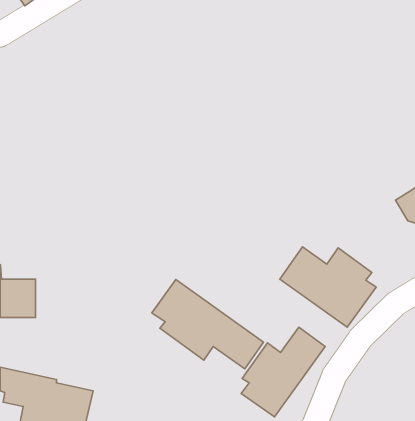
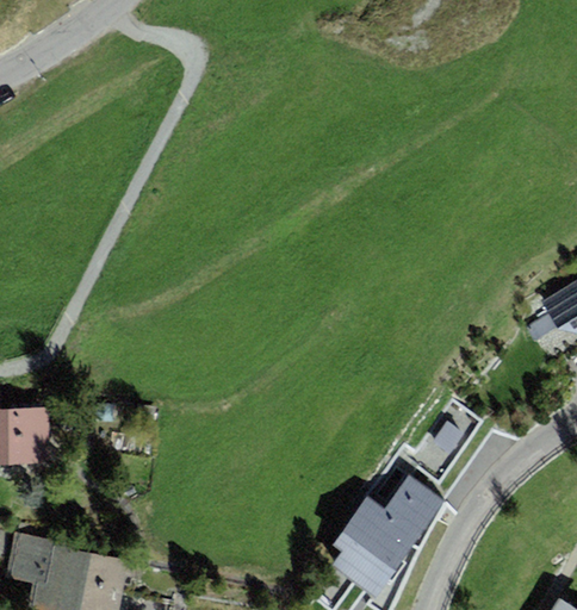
building: [280,247,376,327] -> none
building: [152,280,264,369] -> none

